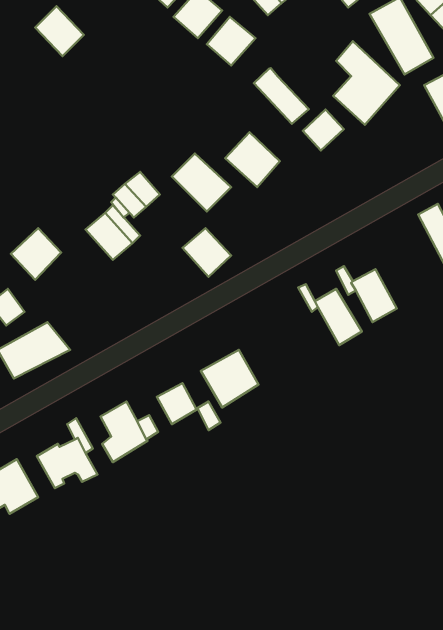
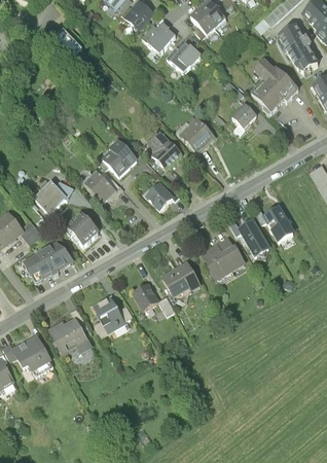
building: [254,68,309,124] -> none
building: none -> [64,208,100,244]
building: none -> [201,237,245,280]

